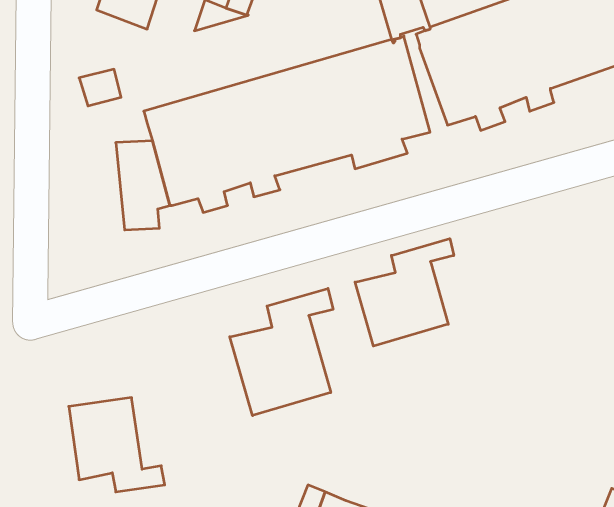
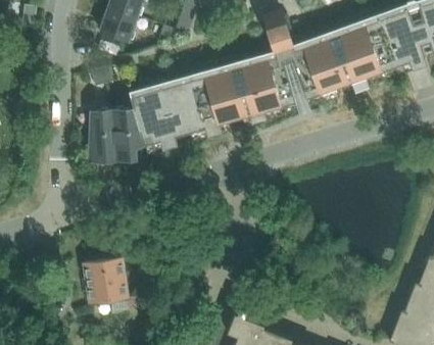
building: none -> [91,109,116,162]
building: [355,239,454,346] -> none
building: [230,288,333,416] -> none

